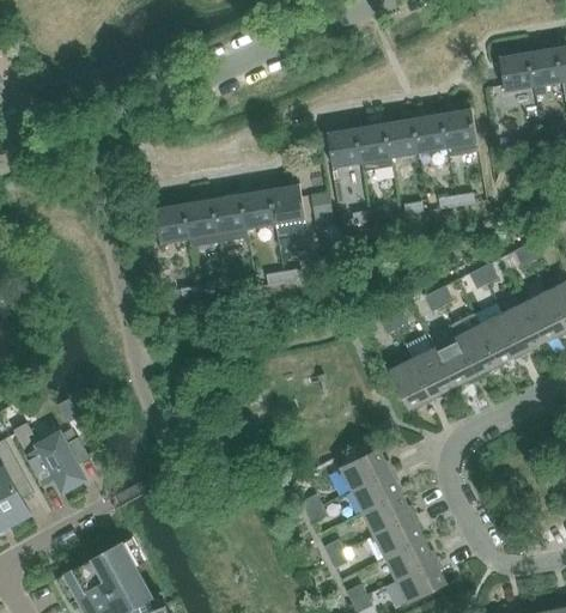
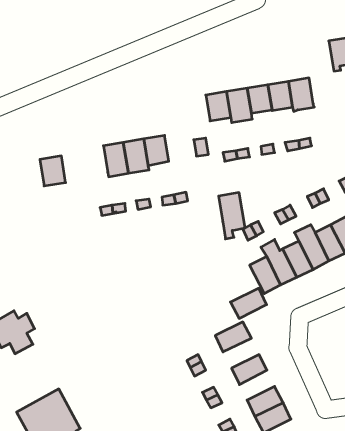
building: [269,184,306,249] -> [219,193,245,239]
building: [154,204,190,245] -> [40,156,66,186]
building: [351,472,401,514] -> [230,288,267,318]
building: [373,516,422,558] -> none

